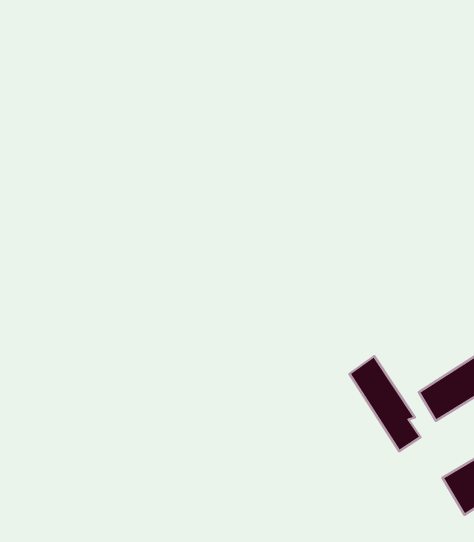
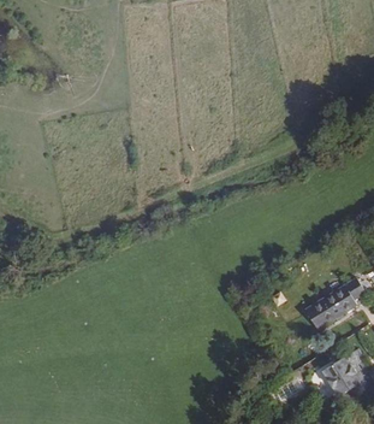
building: [349,356,421,451] -> none

